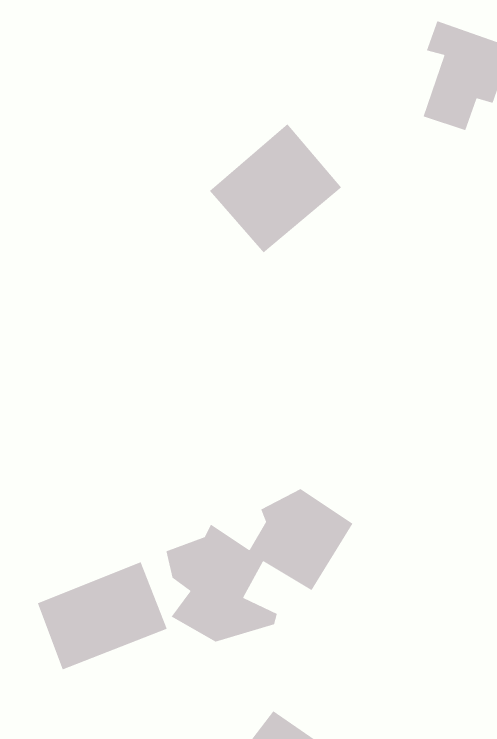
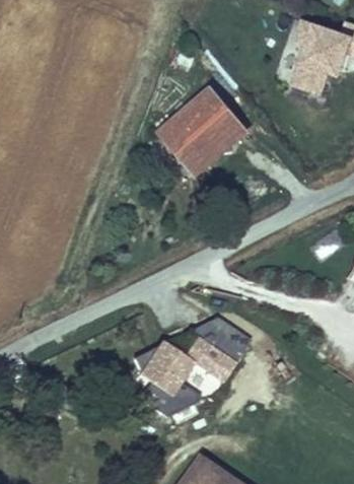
building: [37,561,168,670] -> none

